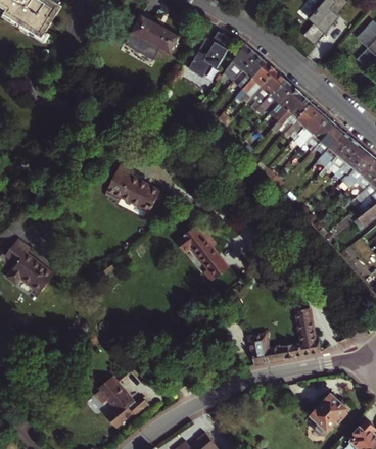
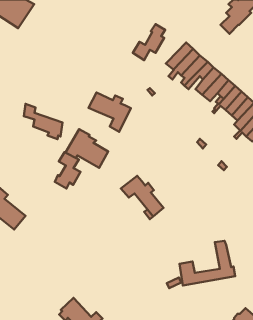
building: [126,15,179,59] -> none
building: [224,45,256,80] -> none
building: none -> [89,92,131,132]
building: none -> [24,104,63,139]
building: none -> [55,152,80,188]

